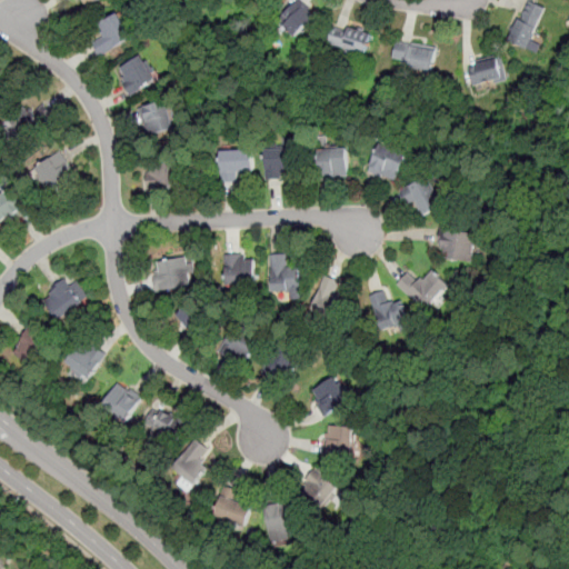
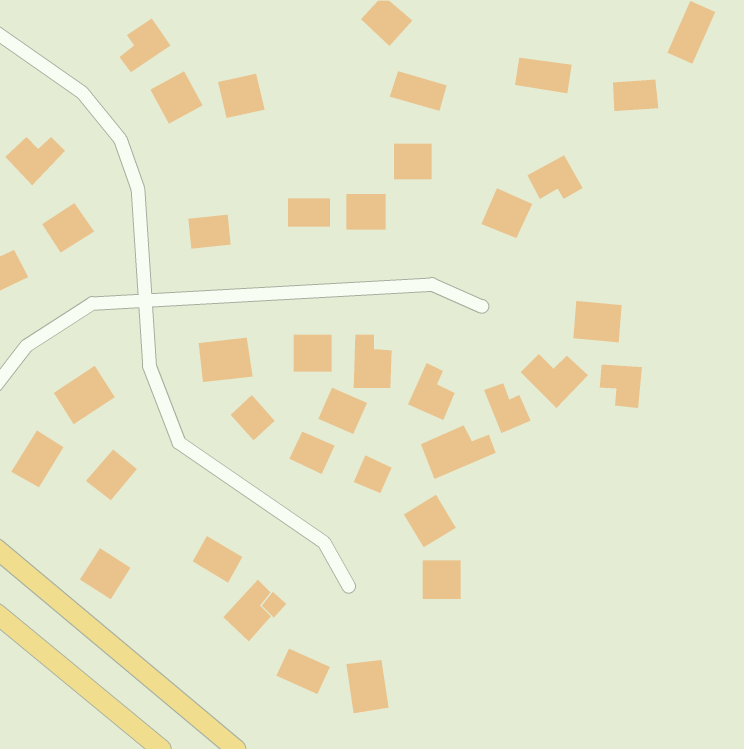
building: [325,24,369,56] -> [389,71,447,112]
building: [136,100,172,134] -> [217,73,265,118]
building: [316,148,346,176] -> [393,143,433,180]
building: [397,174,440,209] -> [526,154,584,200]
building: none -> [599,364,643,409]
building: none -> [317,387,368,435]
building: none -> [420,425,497,480]
building: [99,383,139,423] -> [79,547,132,600]
building: [296,468,345,516] -> none

